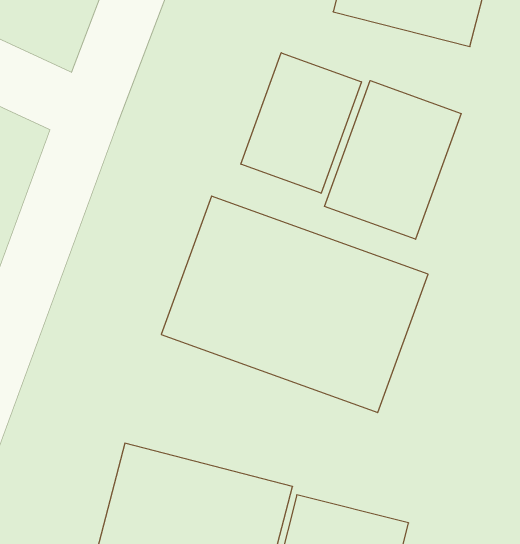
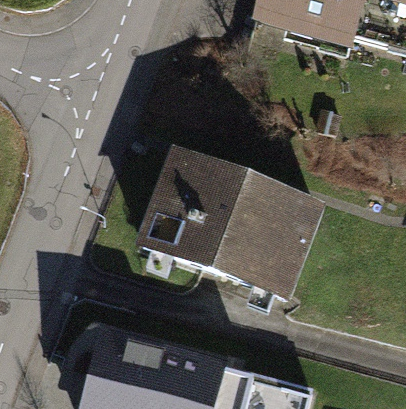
building: [241,53,361,193] -> none
building: [325,81,461,239] -> none

